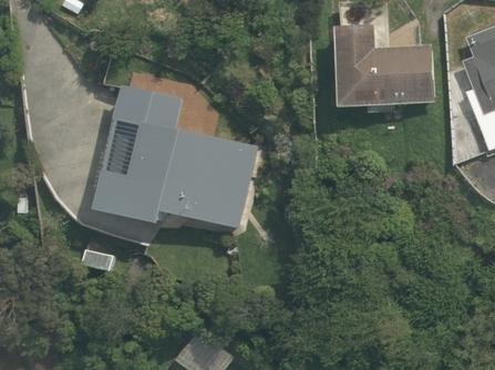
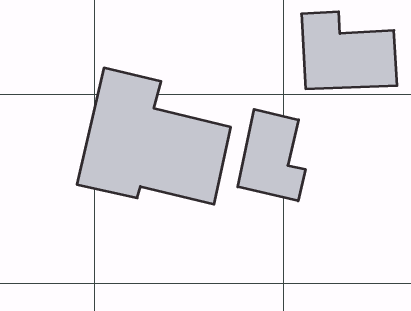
building: none -> [238,109,305,201]

